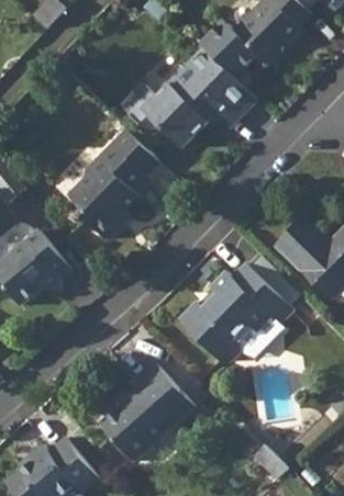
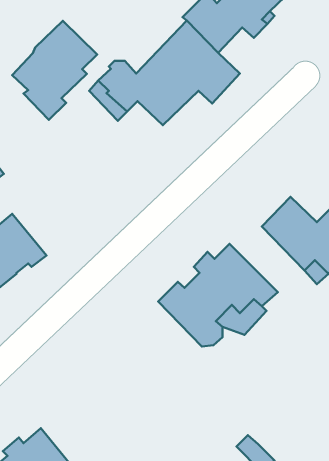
building: [70,146,152,240] -> [12,21,97,120]
building: [106,357,196,456] -> none

